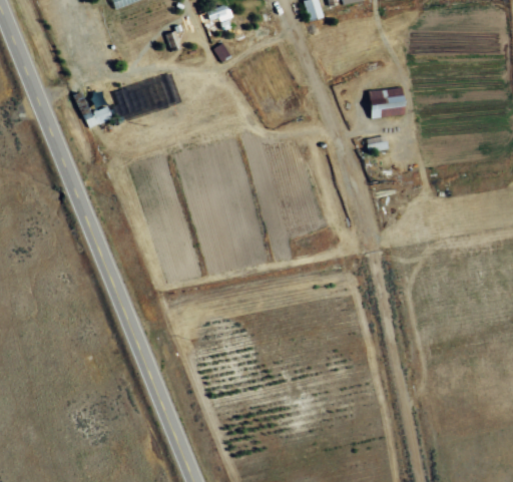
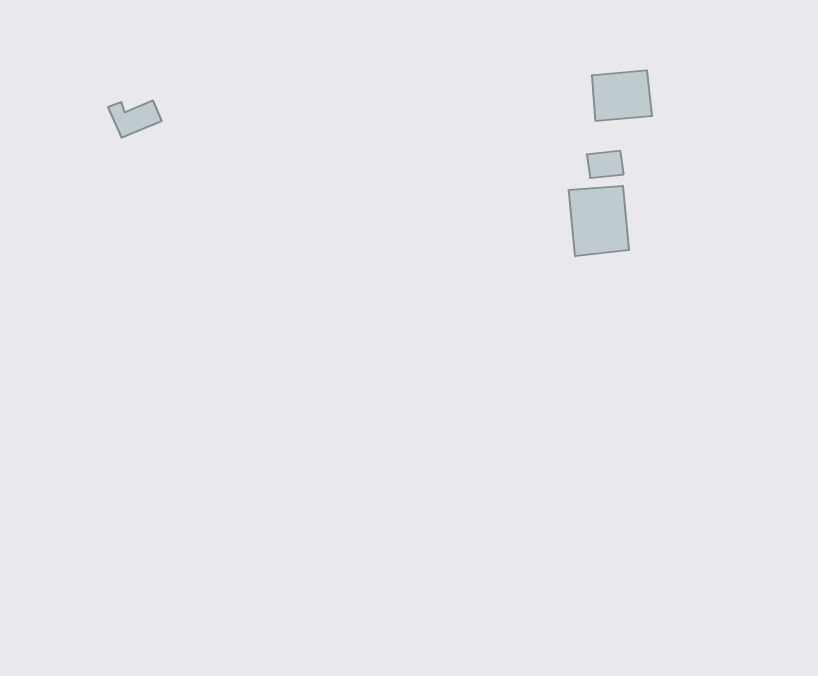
building: none -> [569,186,629,256]

